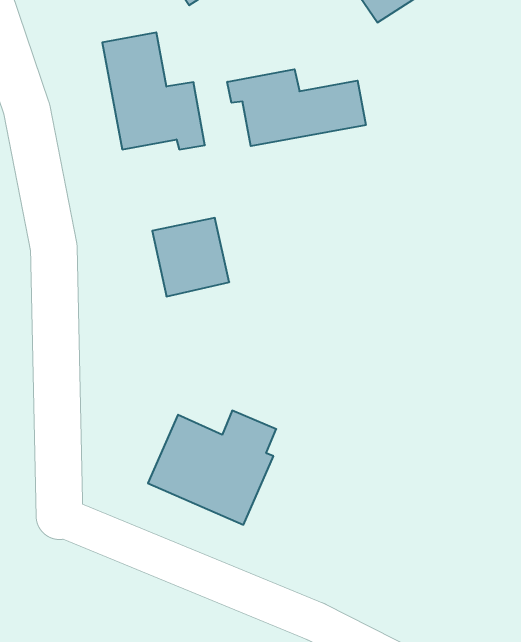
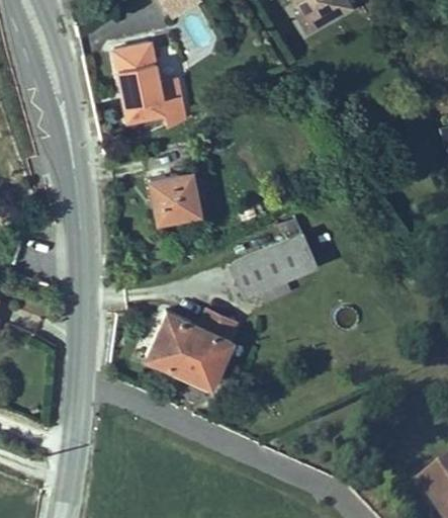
building: [227,69,366,146] -> none
building: none -> [230,221,317,299]

